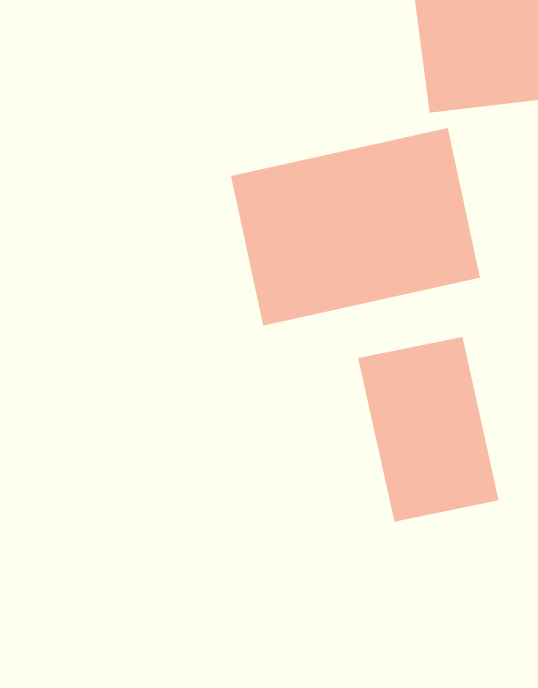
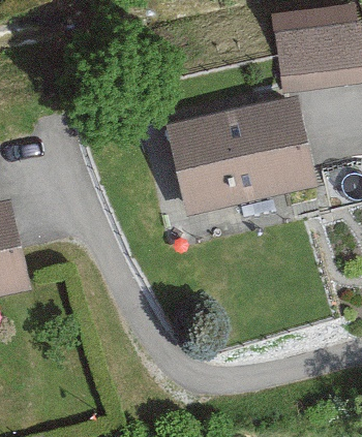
building: [358,336,499,522] -> none

